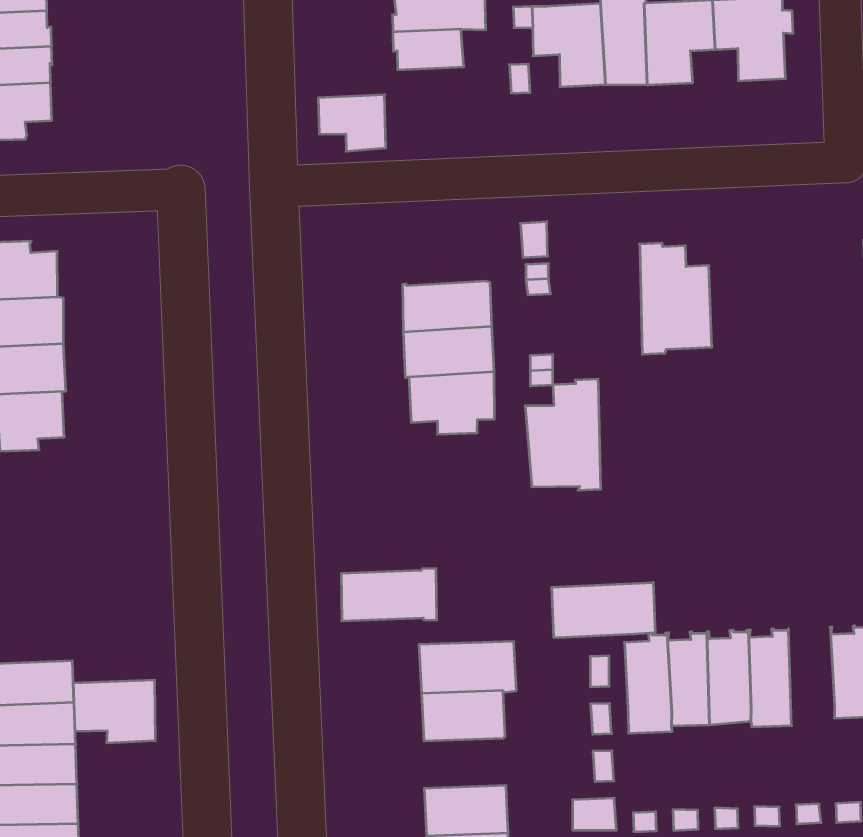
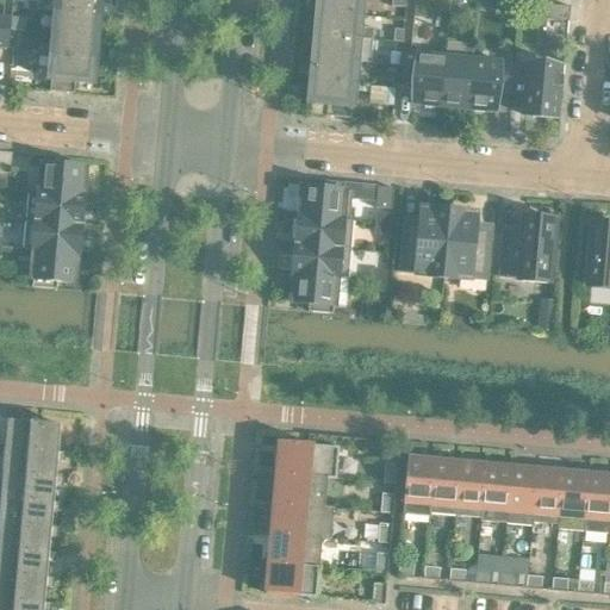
building: [318,95,386,151] -> [309,77,353,114]
building: none -> [299,178,351,217]
building: none -> [498,212,556,280]
building: [525,379,601,490] -> [398,205,448,275]
building: [341,569,437,621] -> [269,499,332,536]
building: [552,582,655,638] -> none
building: none -> [504,459,536,523]
building: [74,680,155,743] -> none

